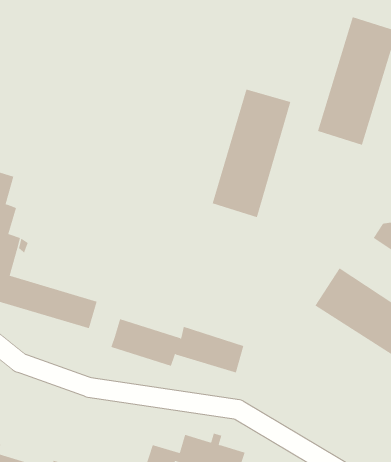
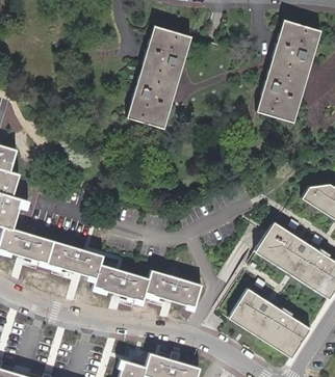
building: [212,89,291,218] -> [127,27,190,130]
building: none -> [74,248,100,276]
building: none -> [227,288,310,358]

